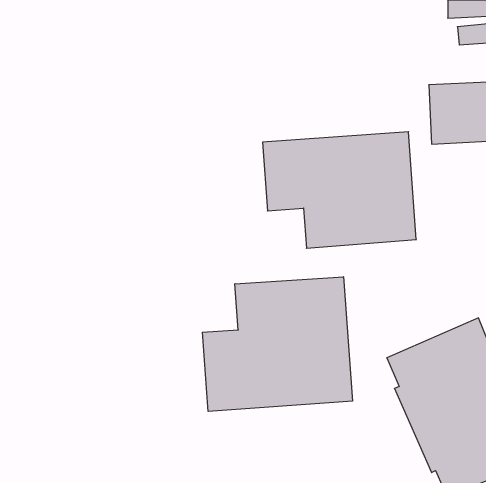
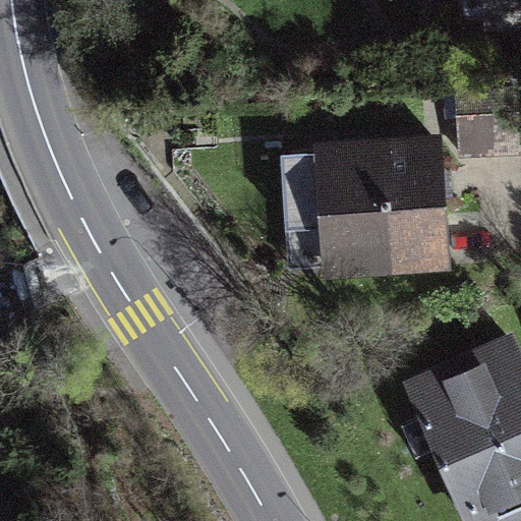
building: [202,277,352,411] -> none

